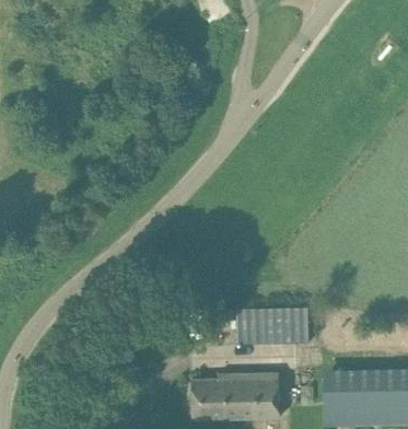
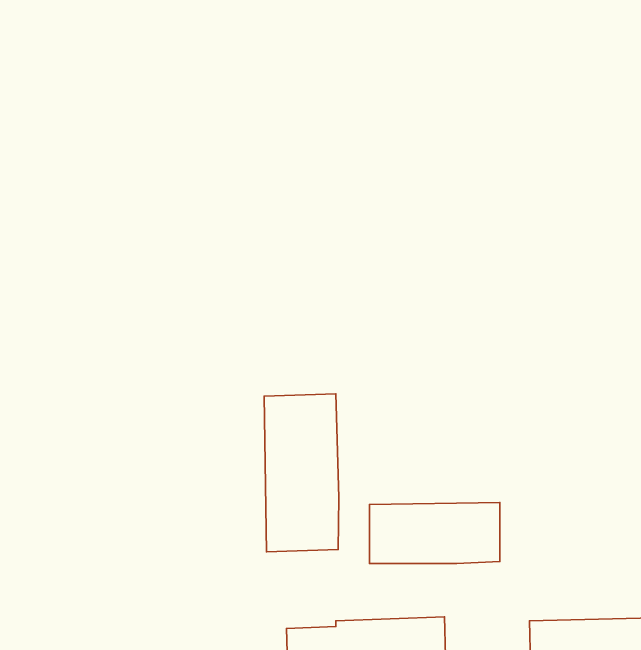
building: none -> [264,394,339,552]

